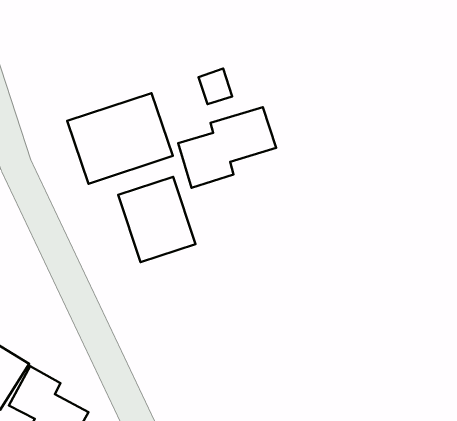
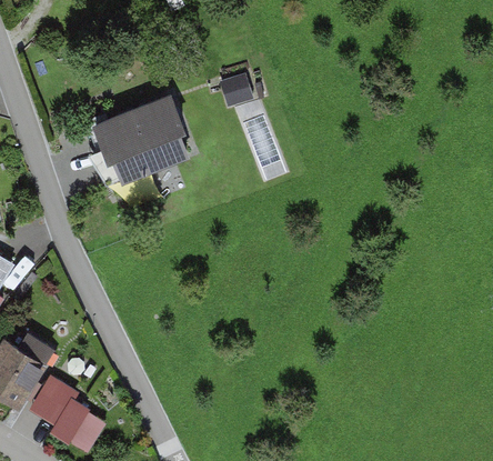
building: [178,107,276,188] -> none
building: [118,177,196,262] -> none

